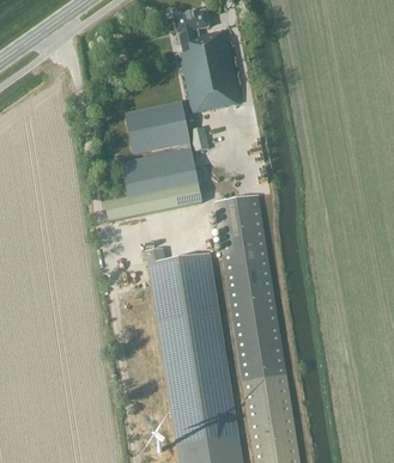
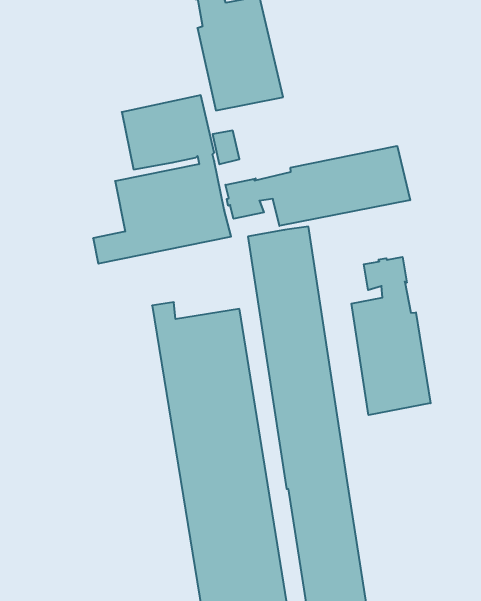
building: none -> [225,146,410,226]
building: none -> [351,257,431,415]

